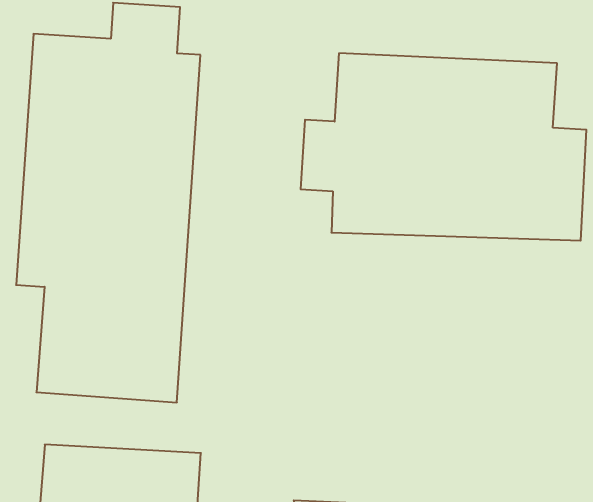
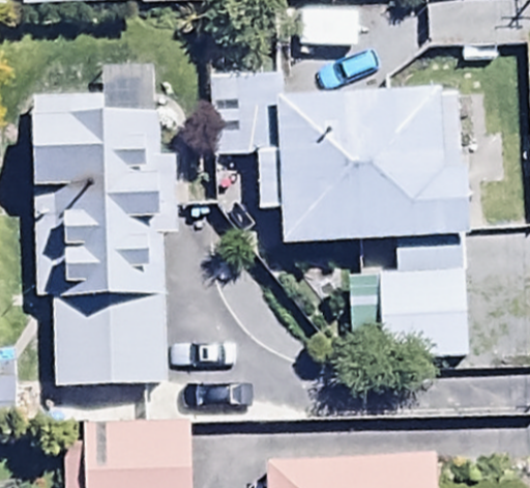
building: none -> [345,242,467,360]

